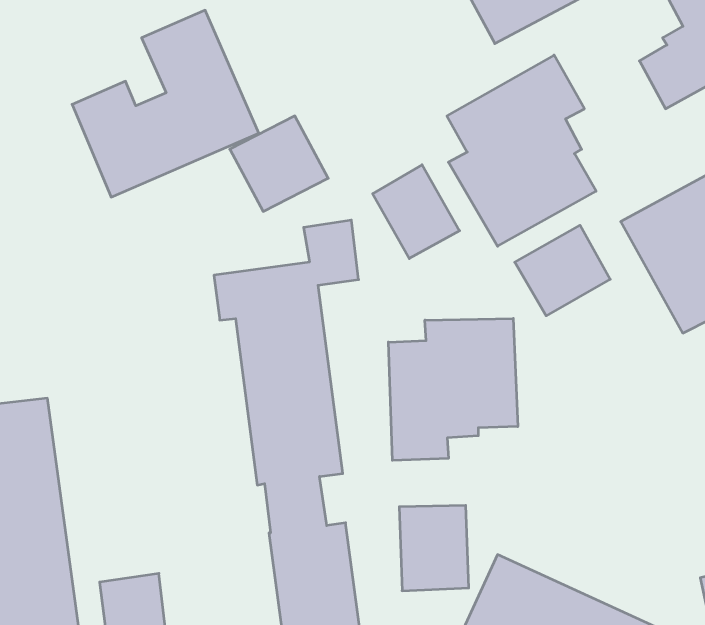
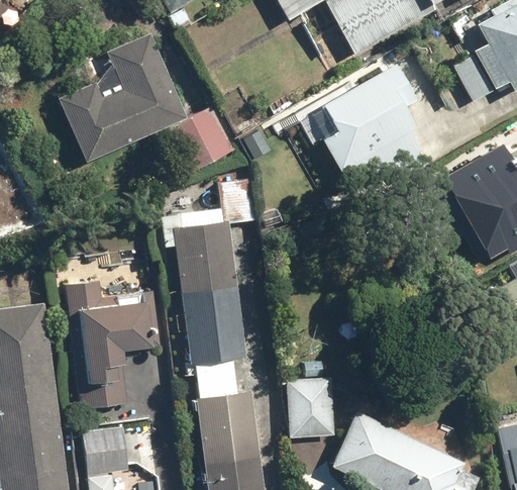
building: [373,165,460,259] -> none
building: [515,225,610,316] -> none
building: [388,318,518,460] -> none
building: none -> [63,281,156,408]

